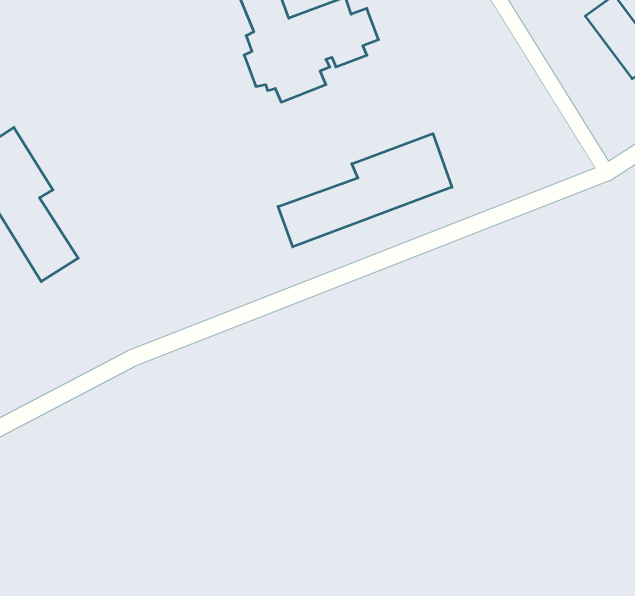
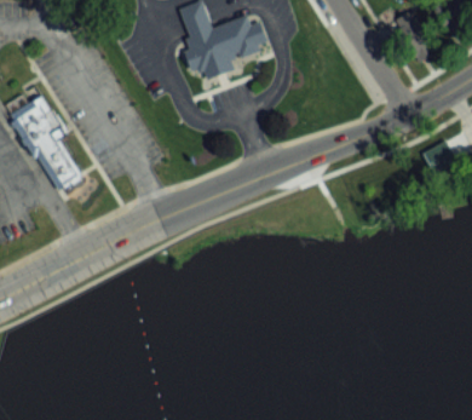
building: [278,134,452,247] -> none

